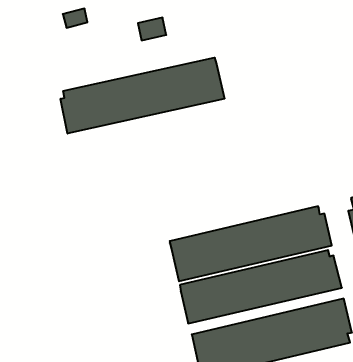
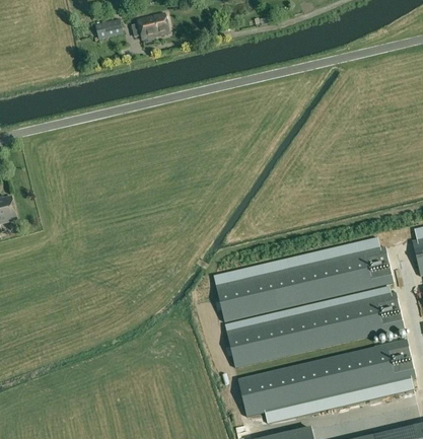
building: [138,18,166,40] -> [138,12,169,38]
building: [61,58,224,134] -> none

